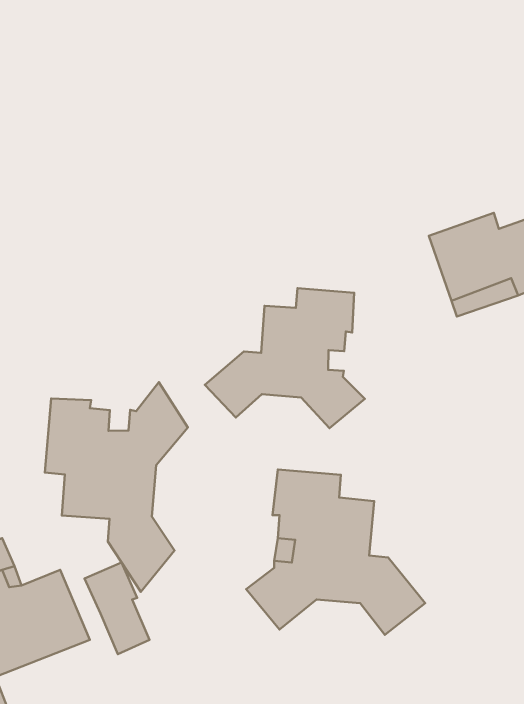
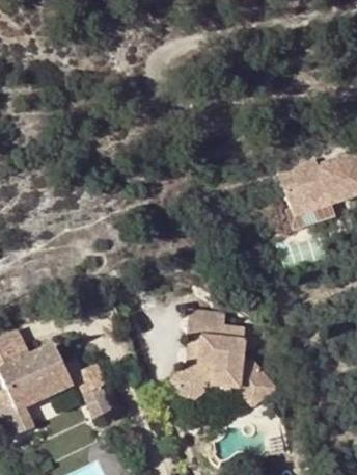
building: [205,288,365,428] -> none
building: [45,382,188,592] -> none

